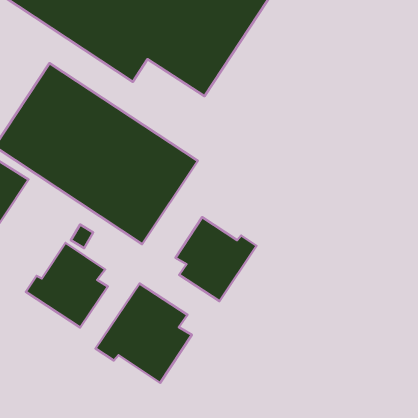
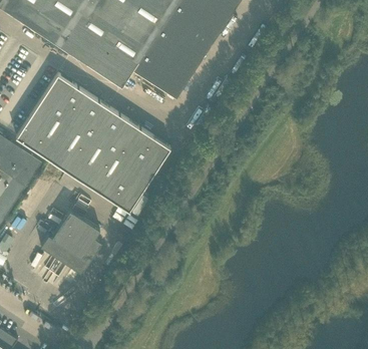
building: [175,217,257,301] -> none
building: [95,283,192,383] -> none

